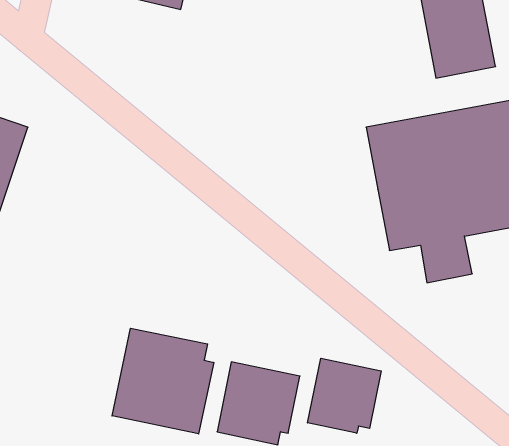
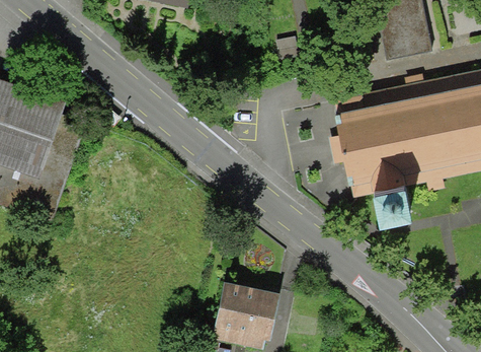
building: [112,328,214,434] -> none
building: [308,358,381,433] -> none

